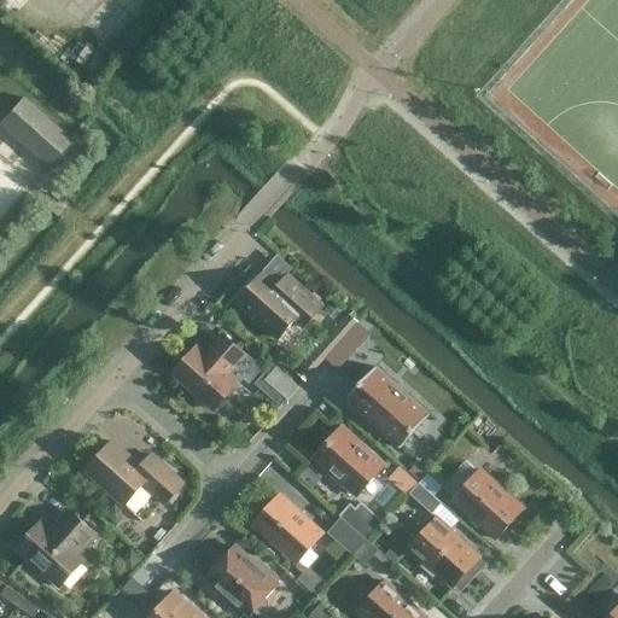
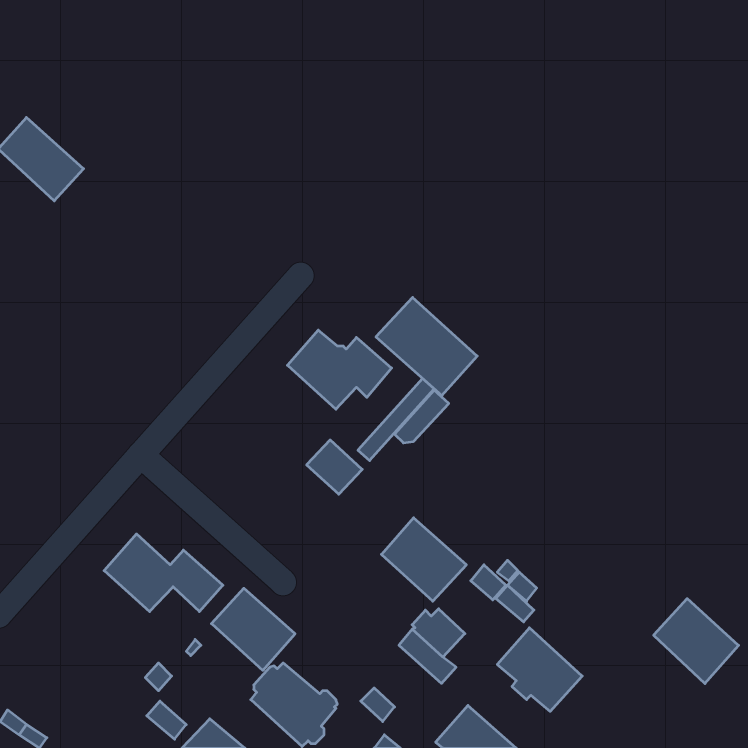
building: [173,333,260,408] -> none
building: [345,366,428,447] -> [376,297,477,396]
building: [453,468,523,538] -> [654,599,739,684]
building: [253,494,322,561] -> [211,588,295,670]
building: [16,508,97,585] -> none

